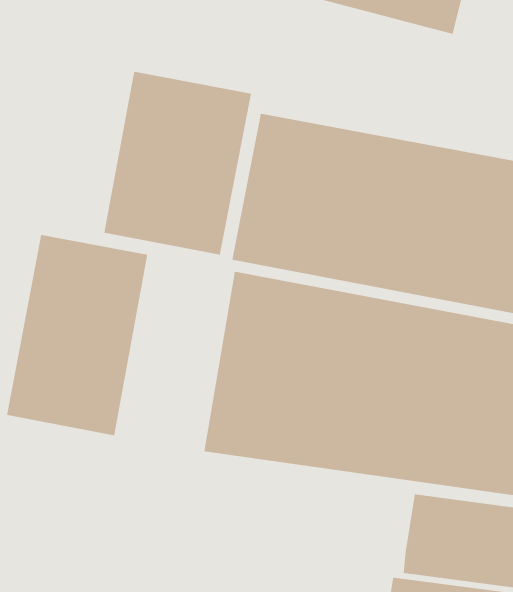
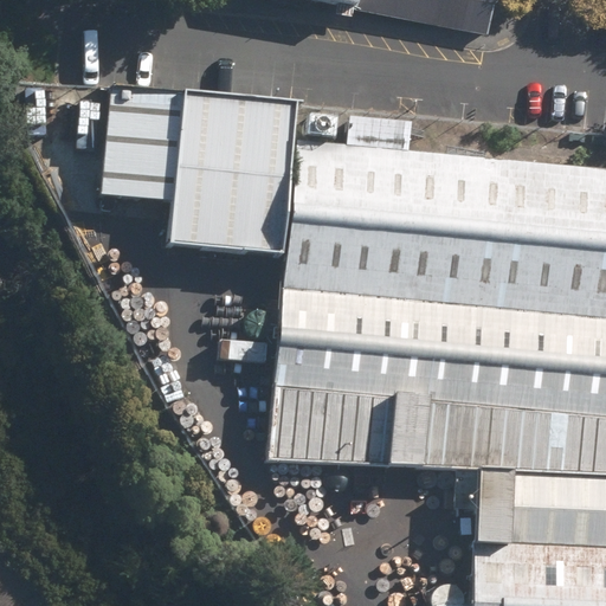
building: none -> [99,94,187,211]
building: [6,234,148,436] -> none

